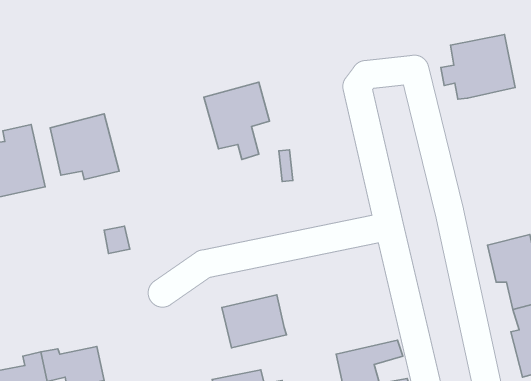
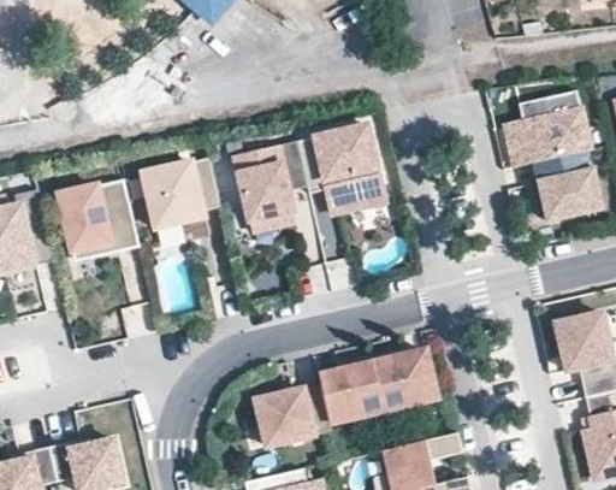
building: none -> [296,128,385,214]
building: none -> [533,147,600,217]
building: none -> [142,159,219,225]
building: none -> [316,346,439,429]

